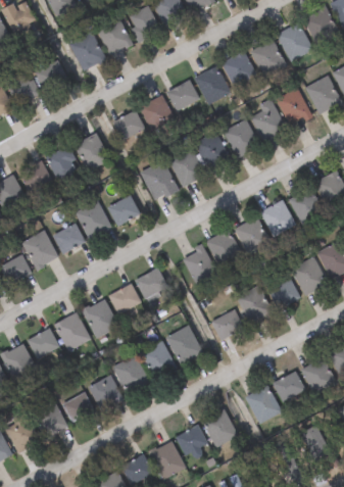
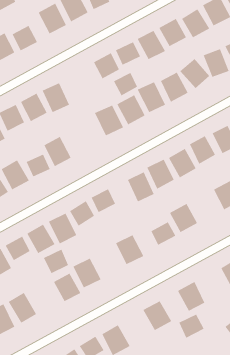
building: [112,109,144,140] -> [113,72,138,96]
building: [107,195,140,225] -> none
building: [267,279,300,308] -> none
building: [141,340,177,379] -> none
building: [273,371,305,402] -> [179,314,204,339]
building: [61,391,94,423] -> [43,249,69,274]
building: [176,424,208,457] -> none

